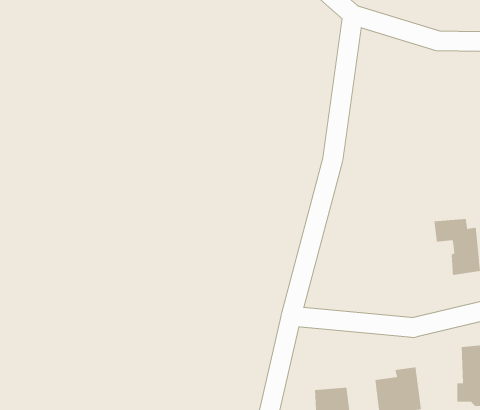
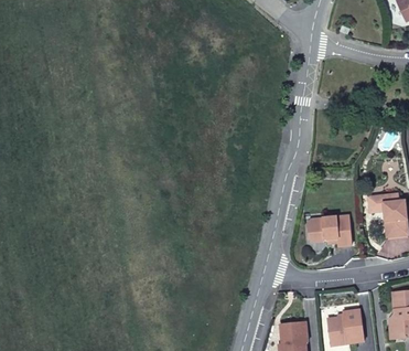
building: none -> [308,212,351,244]

